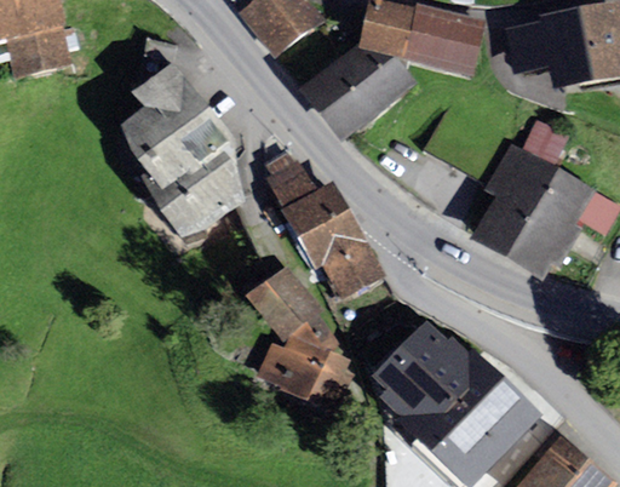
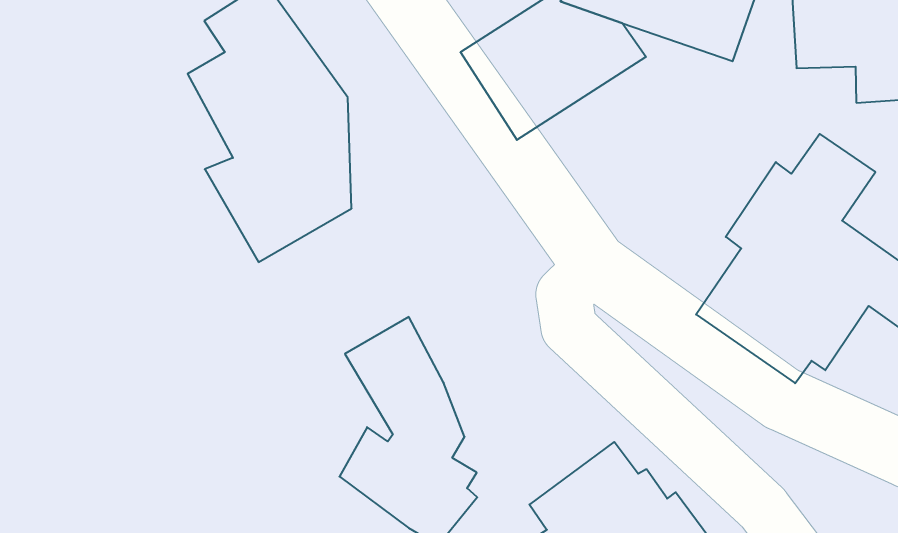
building: [269,154,381,296] -> none

